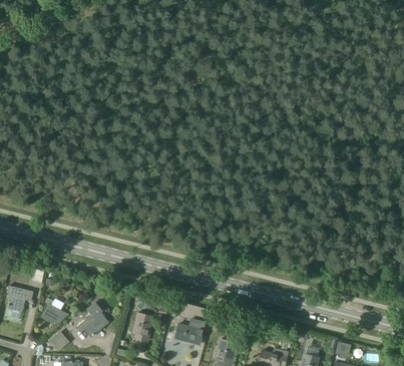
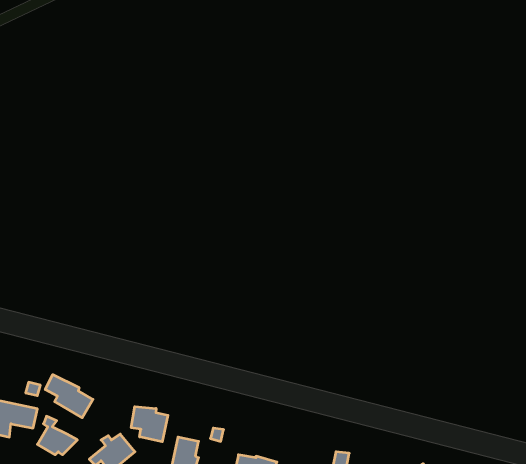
building: none -> [45,375,93,418]
building: none -> [131,407,168,442]

